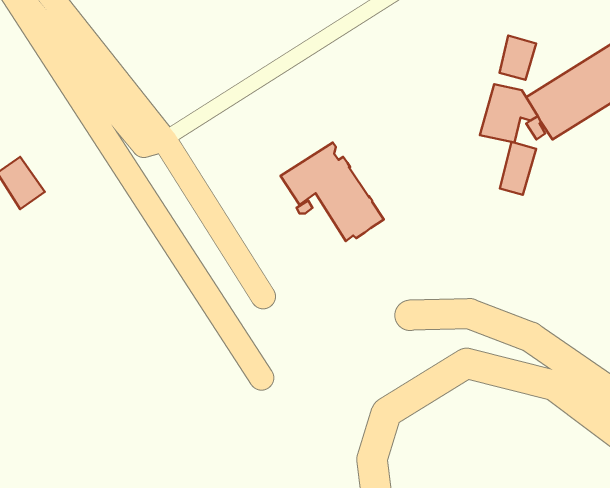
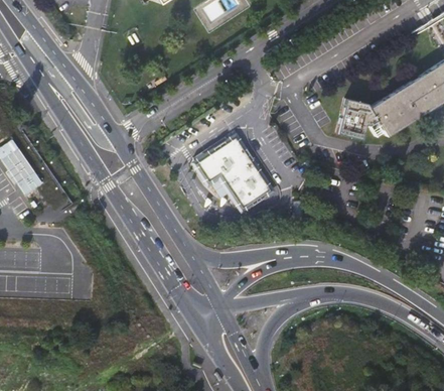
building: [499,36,536,80] -> none
building: [500,142,536,195] -> none

